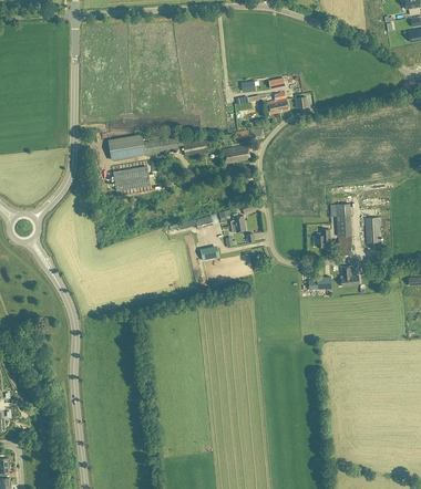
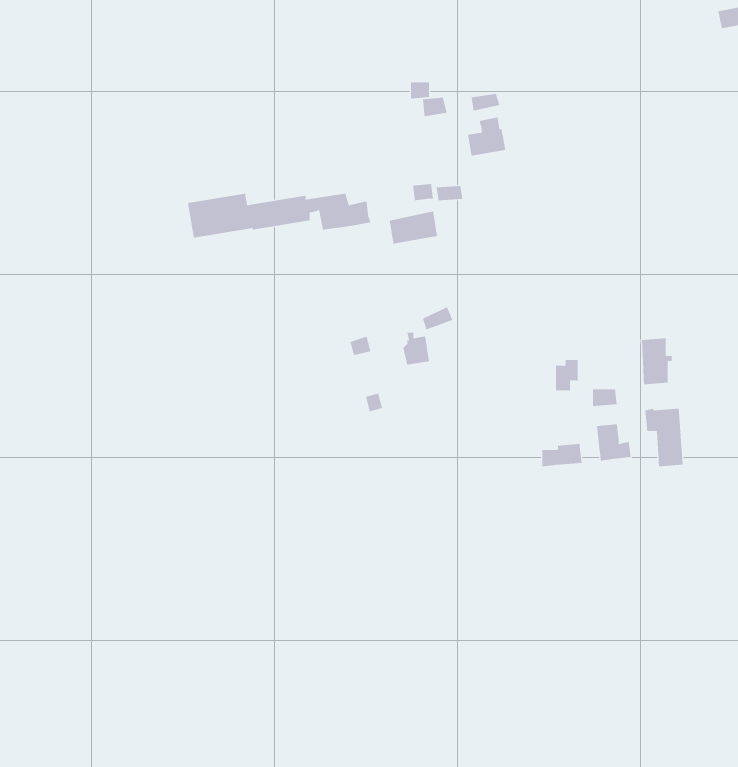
building: [112,165,150,190] -> none
building: [329,202,351,236] -> [644,408,684,467]

